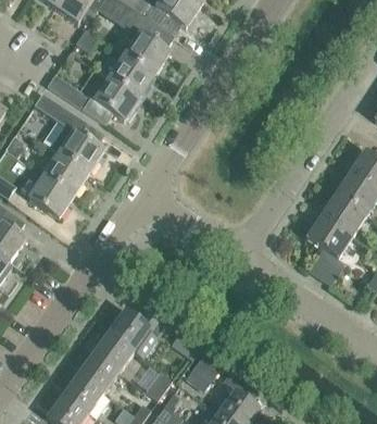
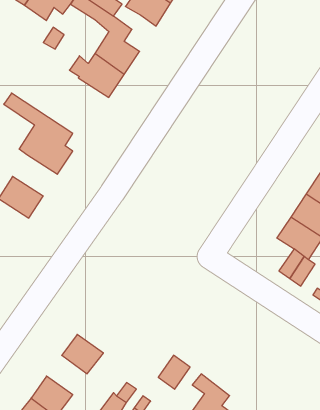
building: [47,75,139,122] -> none
building: [43,155,88,197] -> none
building: [108,309,169,352] -> none
building: [77,354,117,394] -> none

